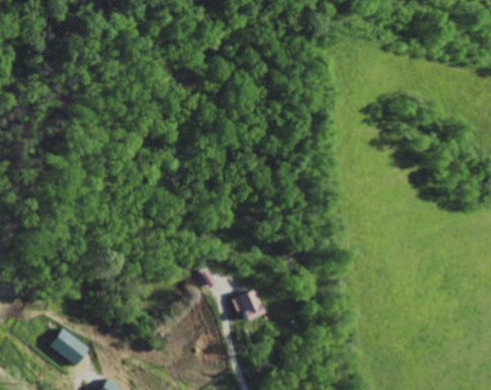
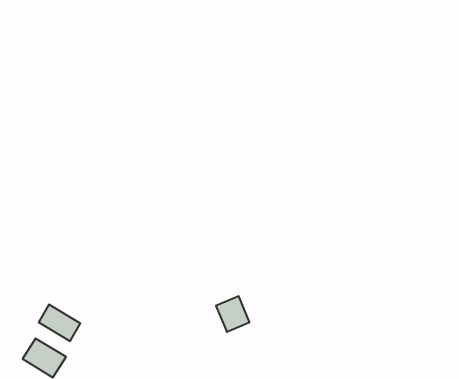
building: none -> [39,304,80,341]

